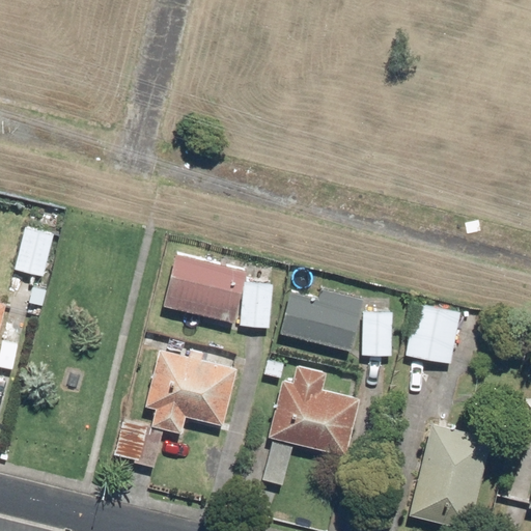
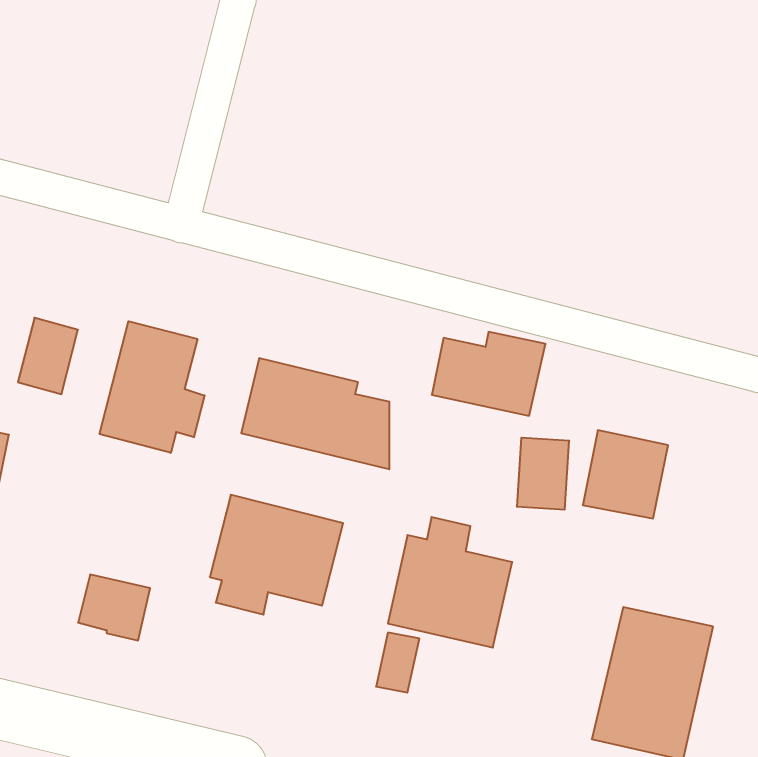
building: none -> [100,321,205,453]
building: [281,291,360,350] -> [432,332,546,416]
building: [113,423,163,469] -> [78,575,150,641]

